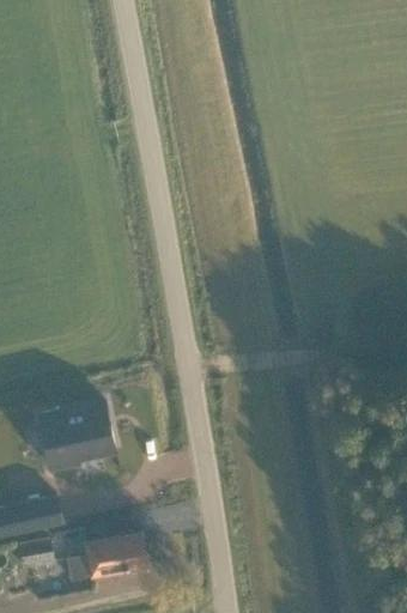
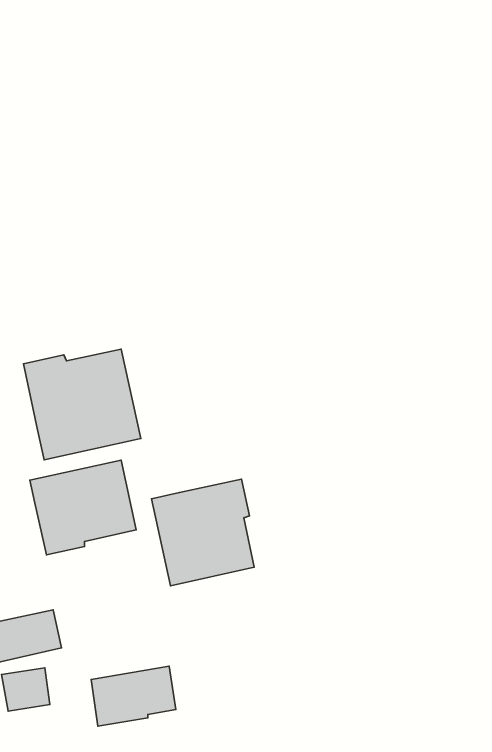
building: none -> [23,349,141,460]
building: none -> [151,479,254,586]

